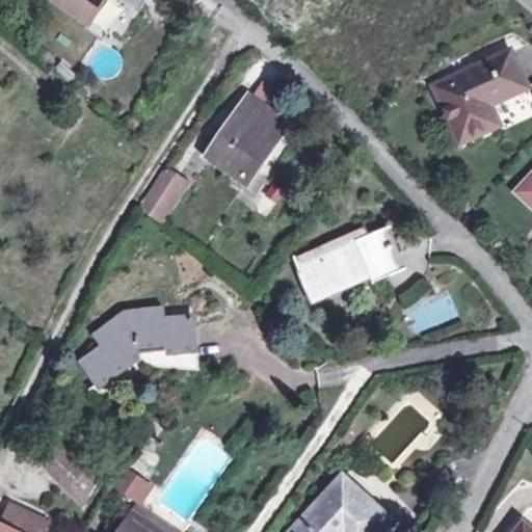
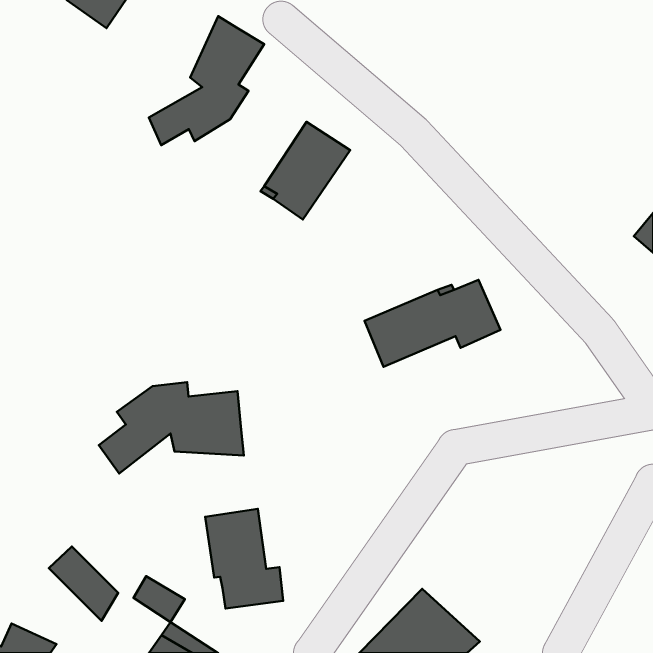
building: none -> [149,16,264,145]
building: [432,50,525,141] -> none
building: [139,170,181,222] -> none
building: none -> [205,509,283,608]

